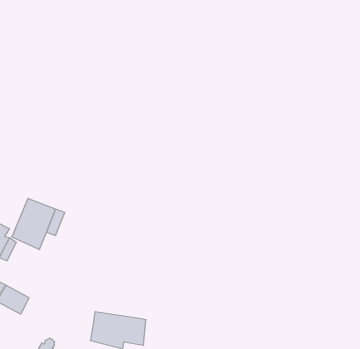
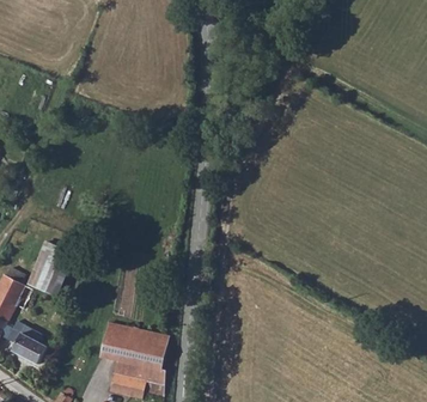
building: none -> [97,323,165,367]

